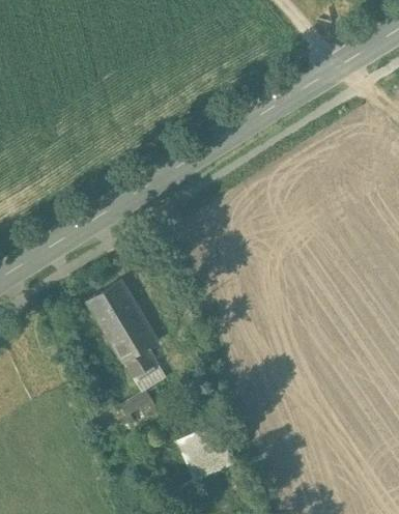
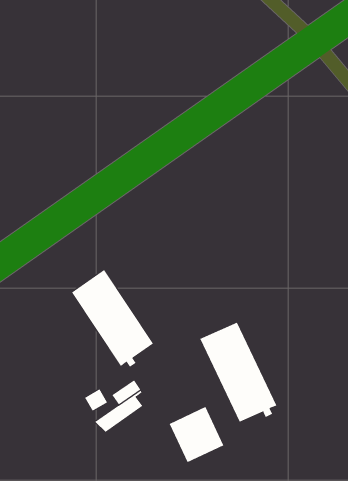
building: none -> [200,322,277,423]

